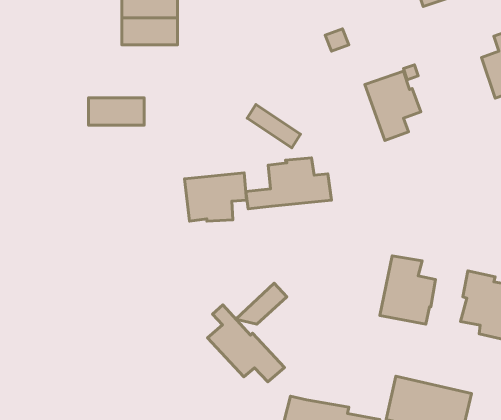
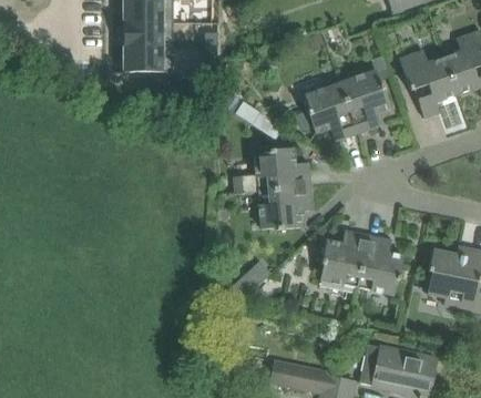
building: none -> [399,51,457,118]
building: none -> [305,82,358,140]
building: [88,98,144,125] -> [123,47,173,71]
building: [185,173,247,221] -> [257,185,313,228]
building: none -> [320,231,365,288]
building: [208,305,284,382] -> none

